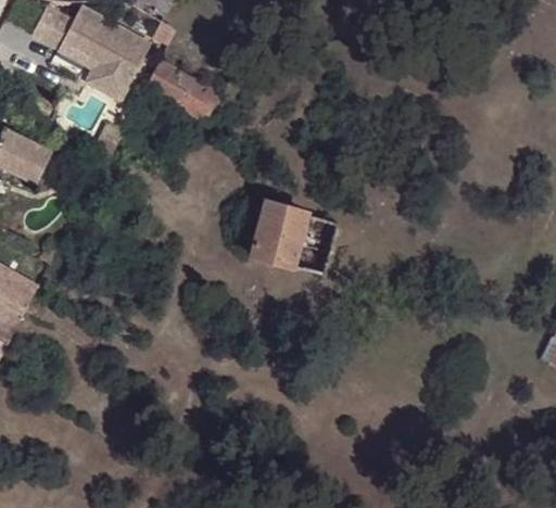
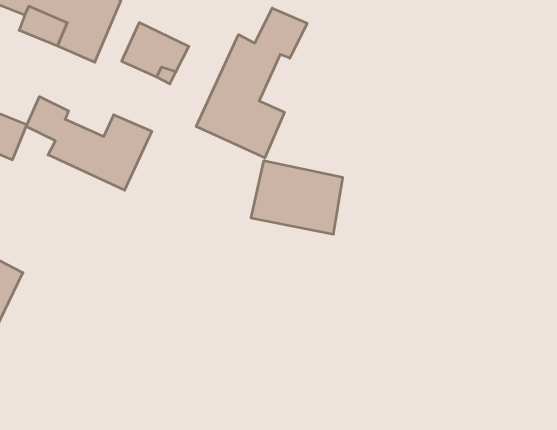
building: none -> [196,8,307,158]
building: none -> [26,97,152,190]

